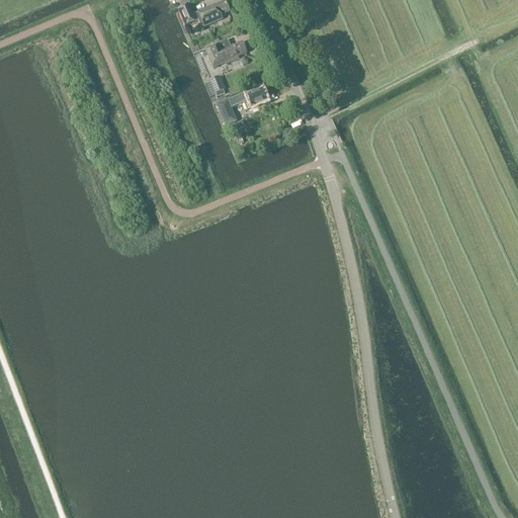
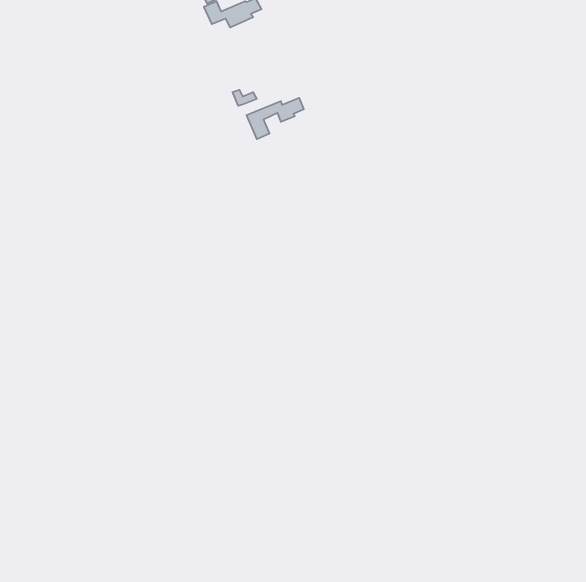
building: [206,39,249,66] -> none

